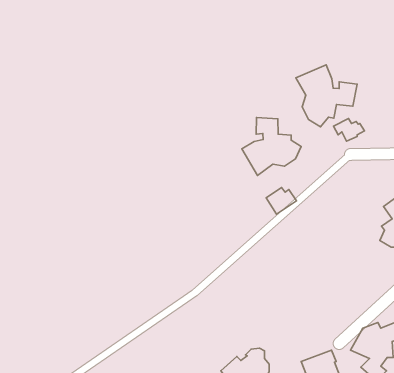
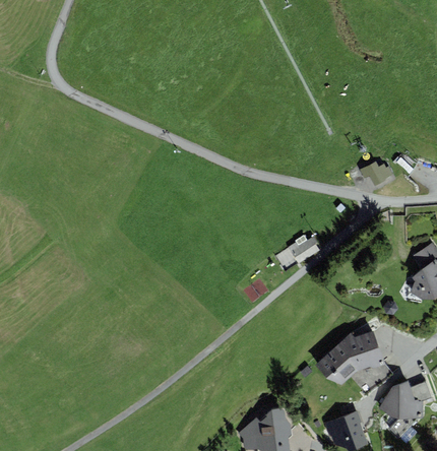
building: [296,65,357,127] -> none
building: [242,117,301,176] -> none
building: none -> [316,330,386,384]

